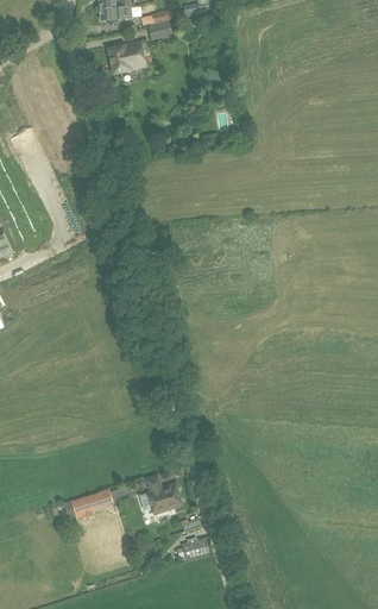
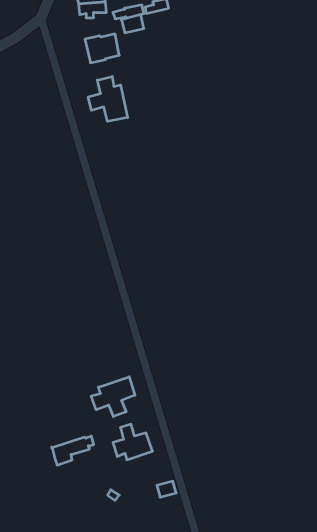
building: none -> [88,76,128,121]
building: none -> [91,377,135,417]

